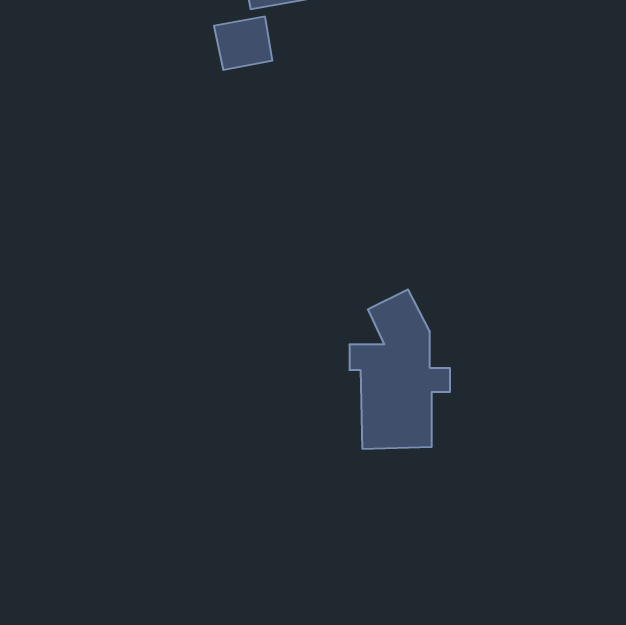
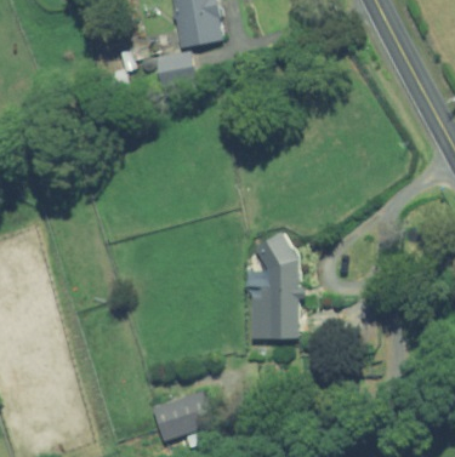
building: none -> [155,392,215,447]

